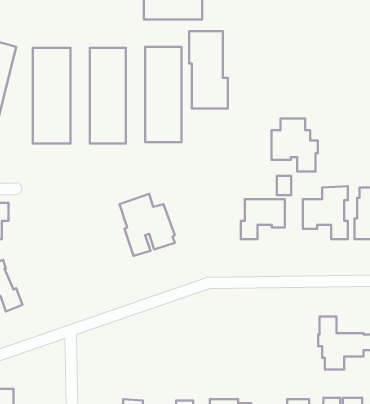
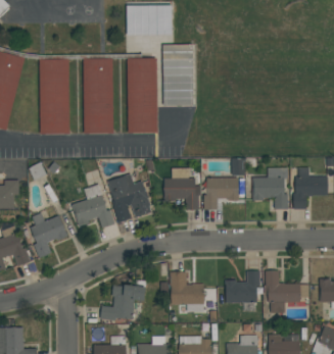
building: [271,118,318,171] -> [164,168,201,210]
building: none -> [73,184,114,229]
building: none -> [30,212,67,258]
building: none -> [225,270,259,303]
building: none -> [171,272,204,311]
building: none -> [100,280,146,320]

